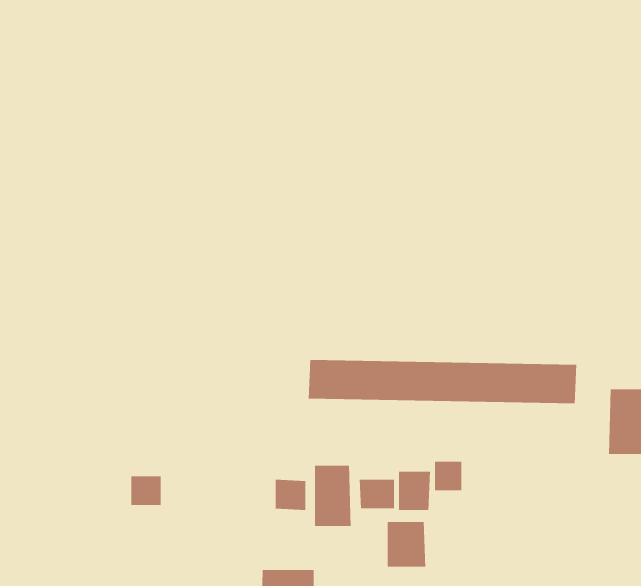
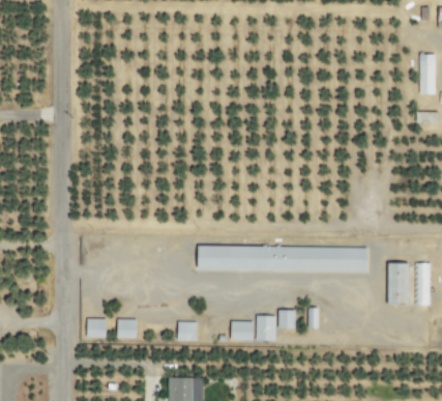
building: [314,465,351,527] -> none
building: none -> [117,318,138,338]
building: [387,521,426,567] -> none

